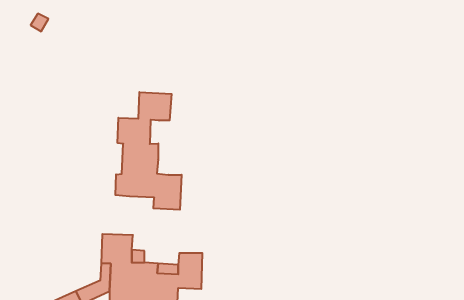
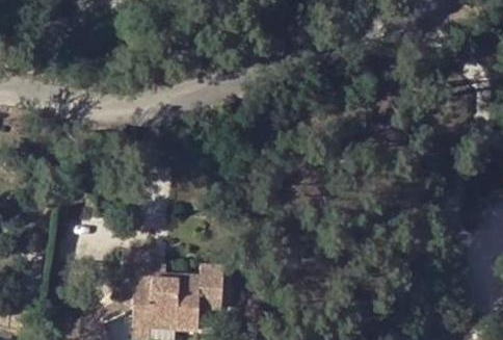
building: [115,92,182,210] -> none

